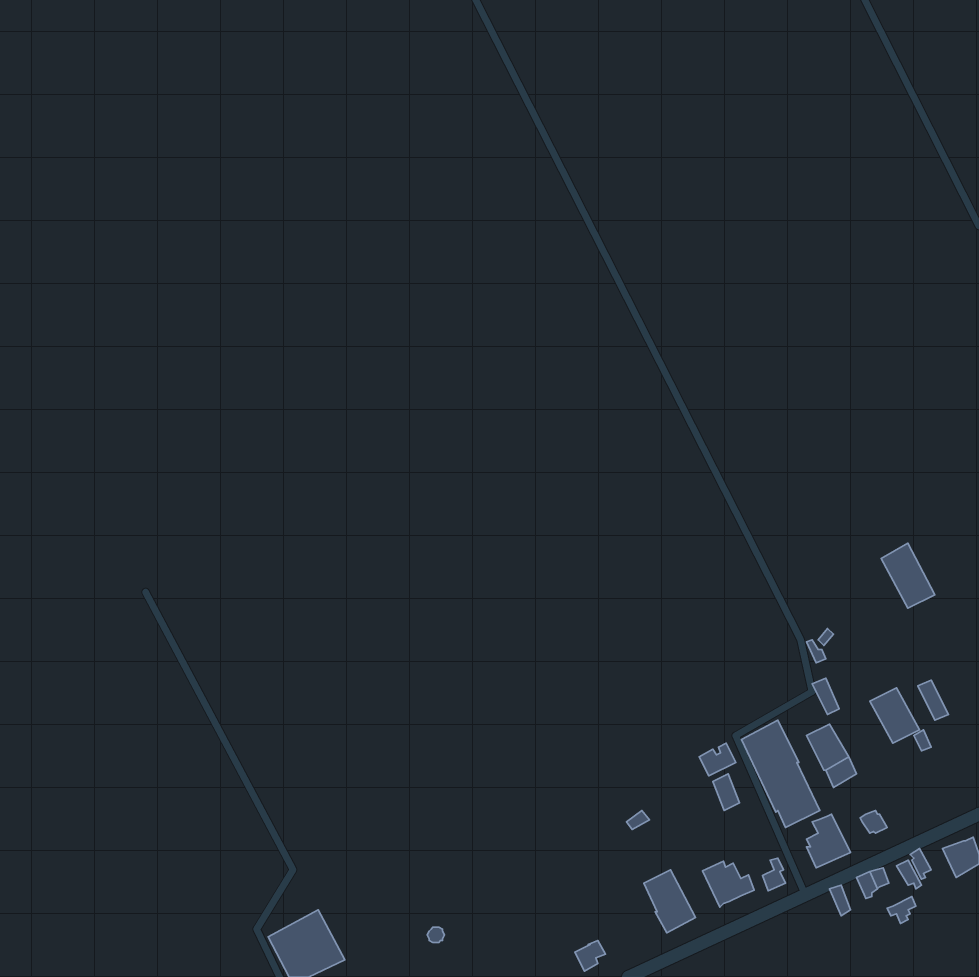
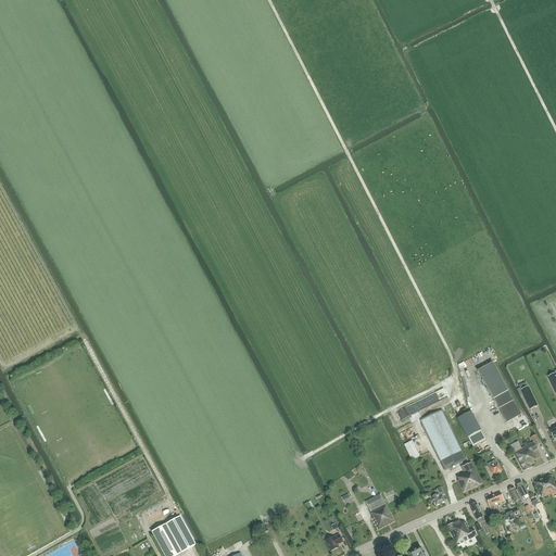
building: [881,543,935,608] -> [478,361,508,397]
building: none -> [511,433,541,470]
building: [702,861,754,907] -> [447,519,477,545]

